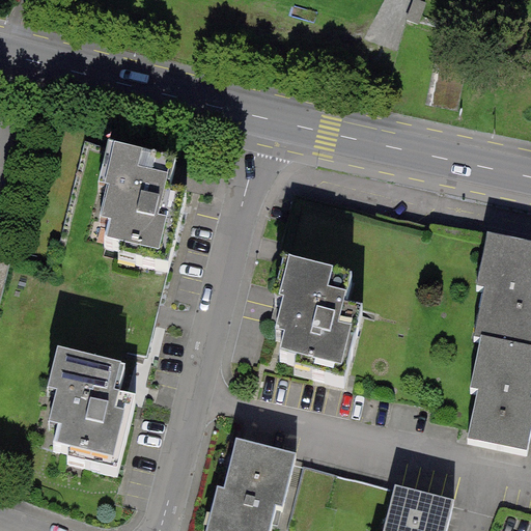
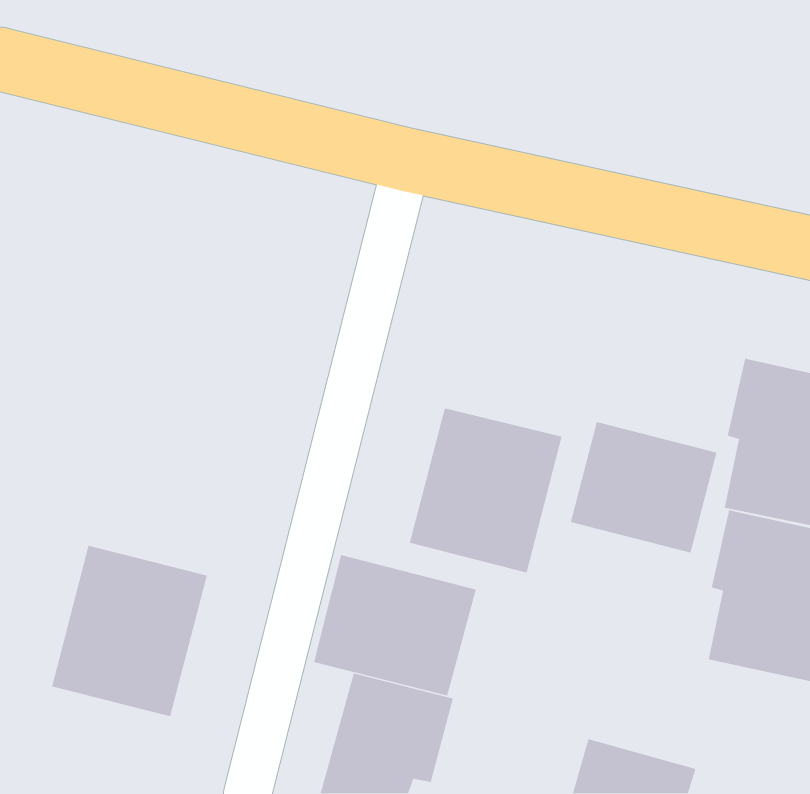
building: [87,145,186,249] -> none
building: none -> [570,421,718,553]
building: none -> [313,554,477,697]

